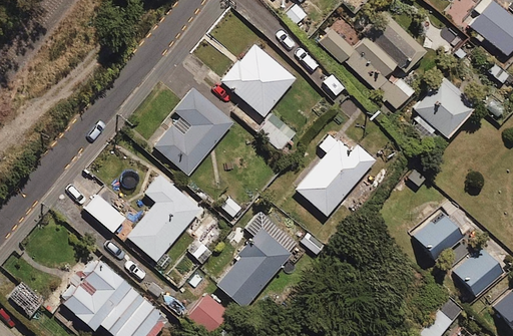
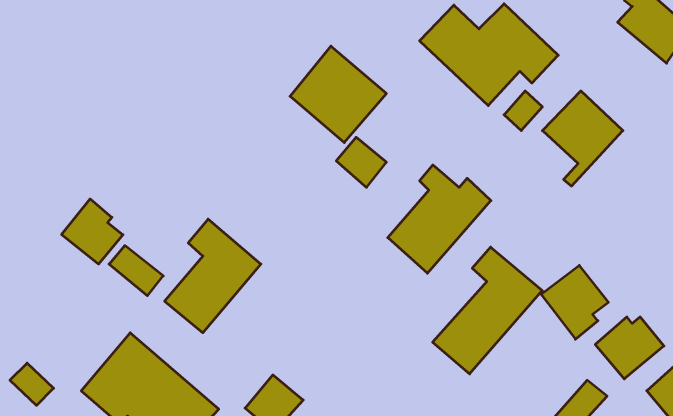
building: [153,87,232,176] -> none
building: none -> [62,199,123,264]
building: [215,212,299,308] -> [433,247,542,374]

